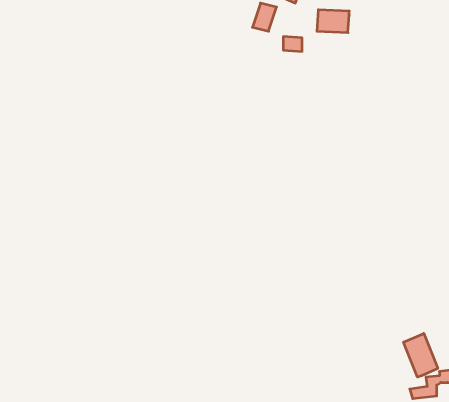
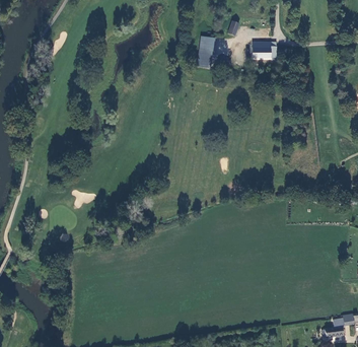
building: [404,333,438,377] -> none

